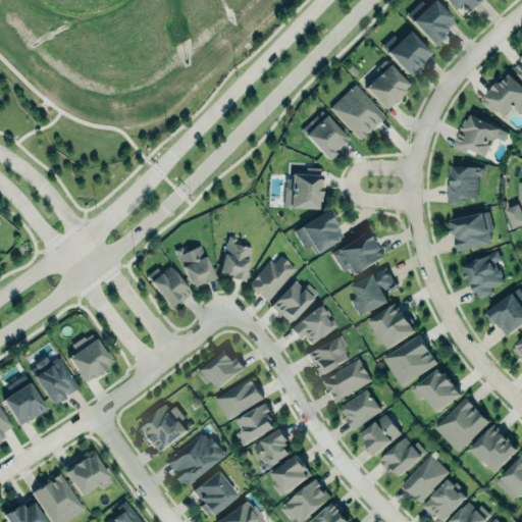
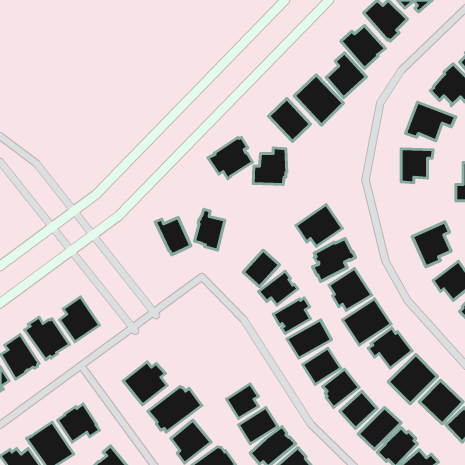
building: [294,209,344,255] -> [208,138,252,179]
building: [453,213,495,253] -> none
building: [250,257,297,302] -> none
building: [147,266,192,309] -> none
building: [198,351,245,388] -> none
building: [216,377,264,419] -> none
building: [237,406,277,448] -> none

